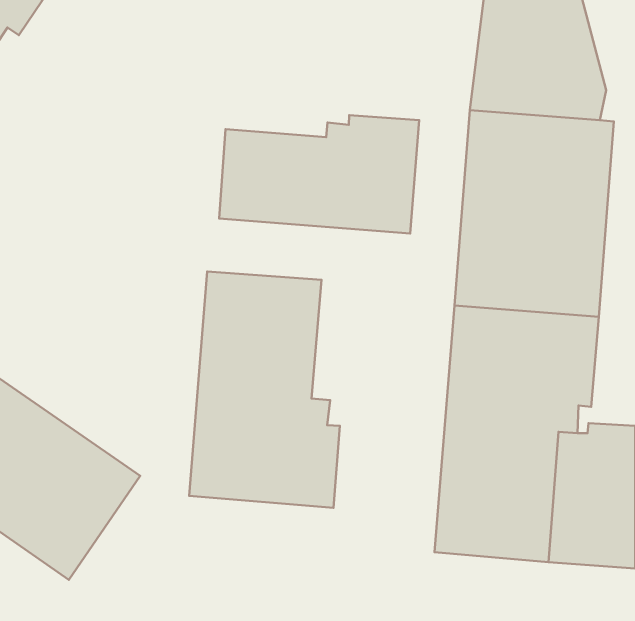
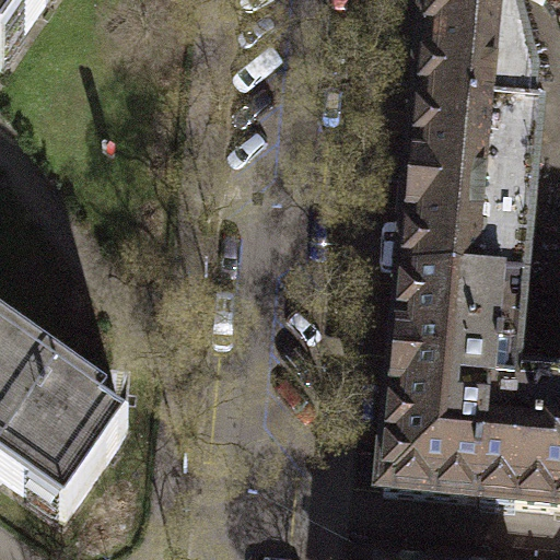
building: [219,115,419,233] -> none
building: [189,271,340,508] -> none

